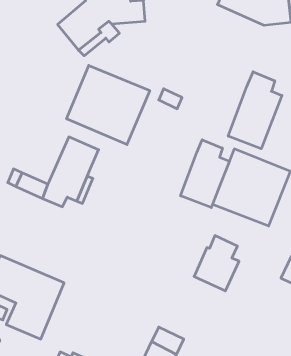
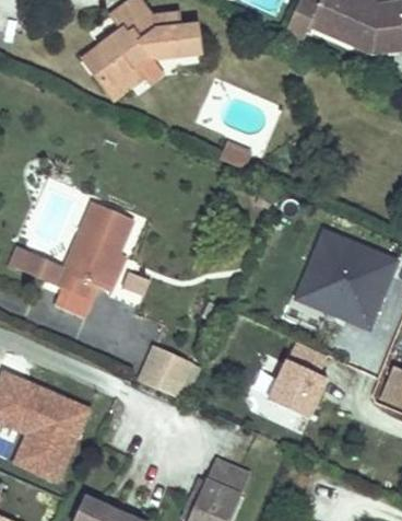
building: [67,65,150,145] -> none
building: [228,72,282,149] -> none
building: [181,140,229,208] -> none
building: none -> [138,345,188,395]

